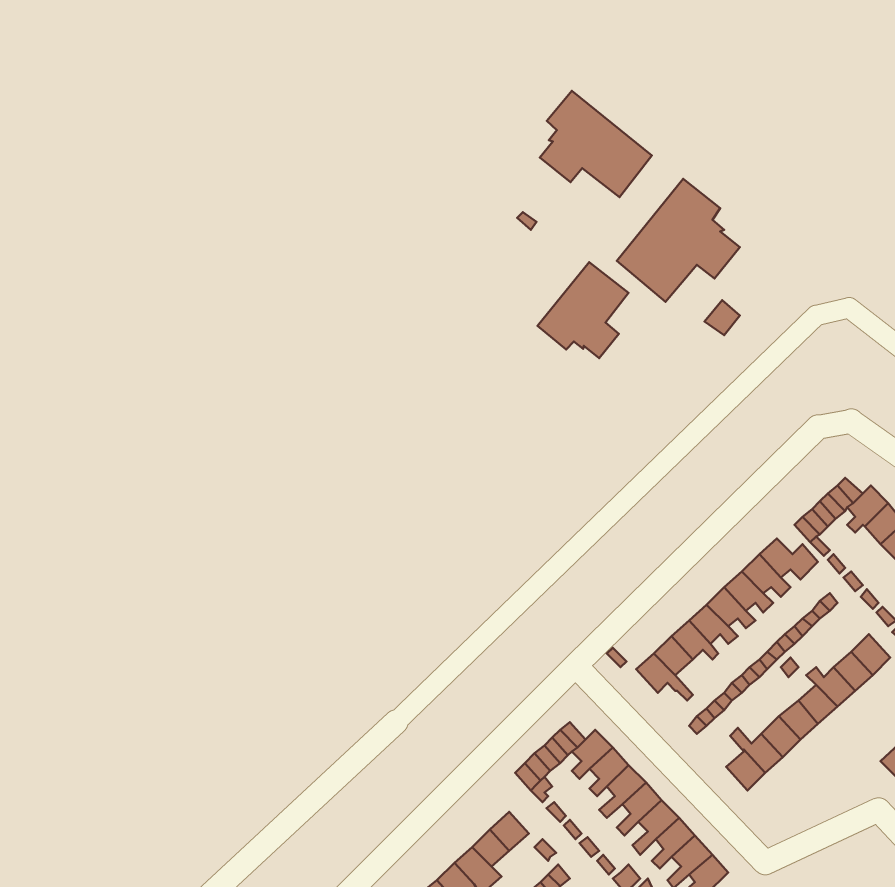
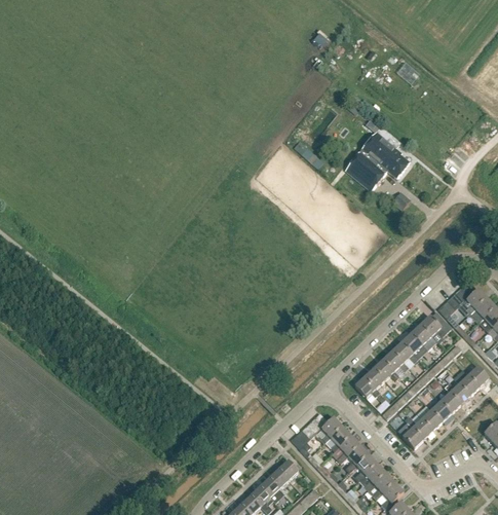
building: [540,91,652,197] -> none
building: [538,262,628,358] -> none

